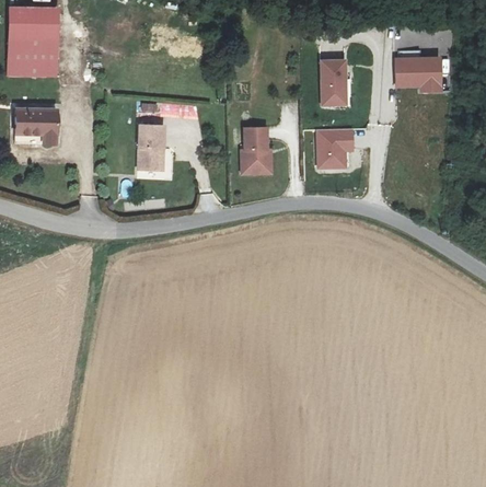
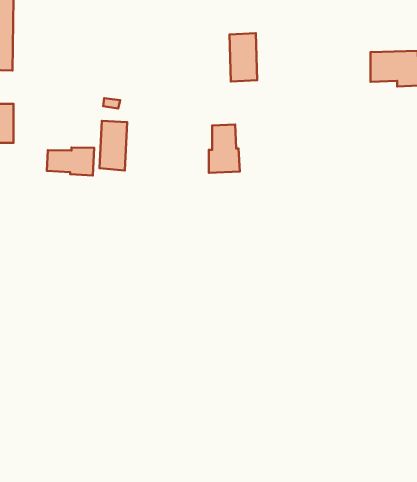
building: [321,59,347,105] -> [230,33,257,81]
building: [317,129,352,166] -> none
building: none -> [47,147,94,176]

